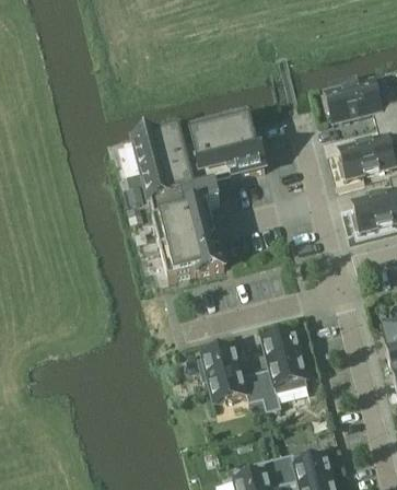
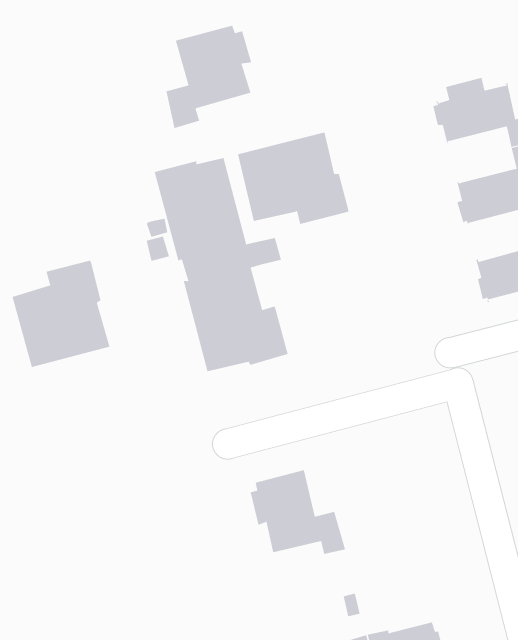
building: none -> [166,25,252,129]
building: none -> [12,260,110,368]
building: [256,330,308,412] -> none

